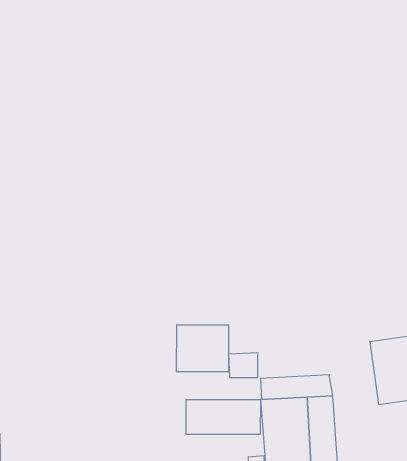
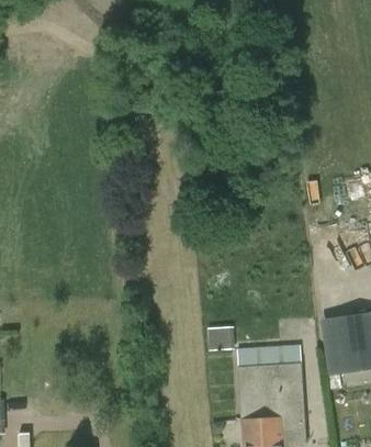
building: [177,325,228,372] -> none
building: [186,399,260,434] -> none

